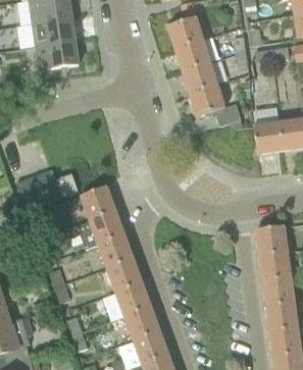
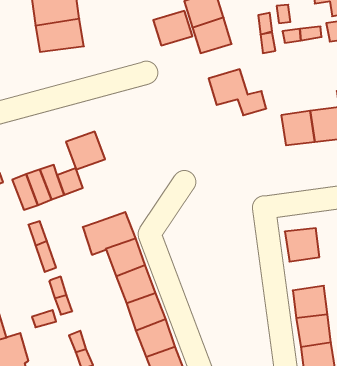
building: [182,63,216,94] -> [153,11,192,45]
building: [81,188,115,221] -> [66,132,105,170]
building: [260,252,291,281] -> none

